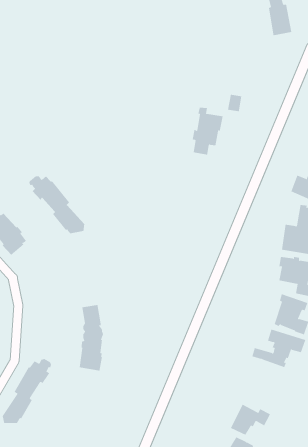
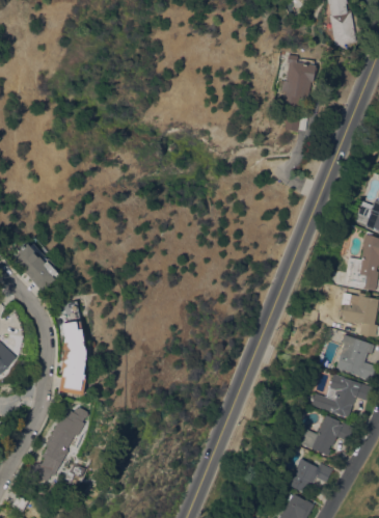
building: [192,107,223,155] -> [280,55,316,109]
building: [29,176,85,234] -> none
building: [79,304,104,371] -> [59,321,87,396]
building: none -> [299,415,353,456]

